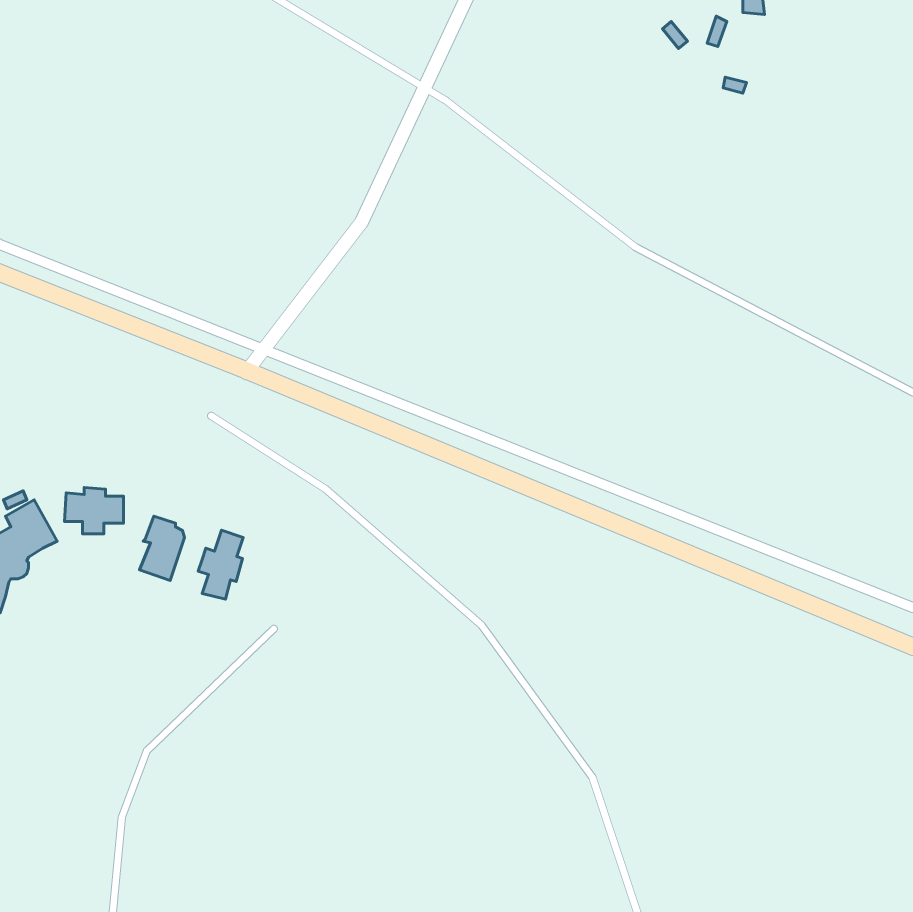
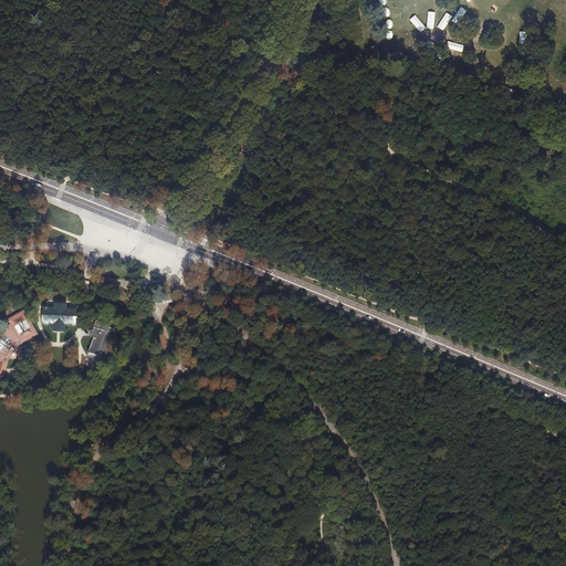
building: [198,530,243,599] -> none

